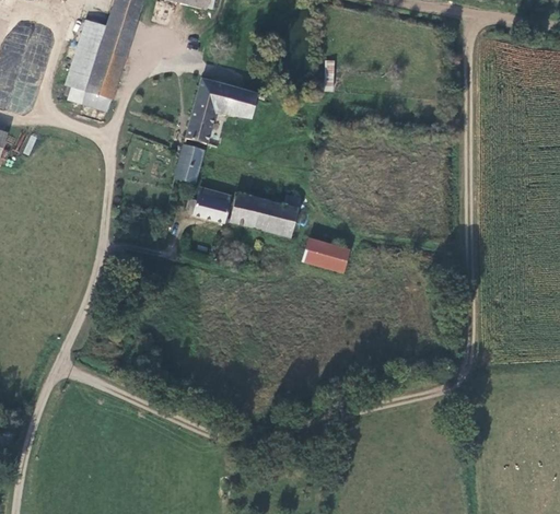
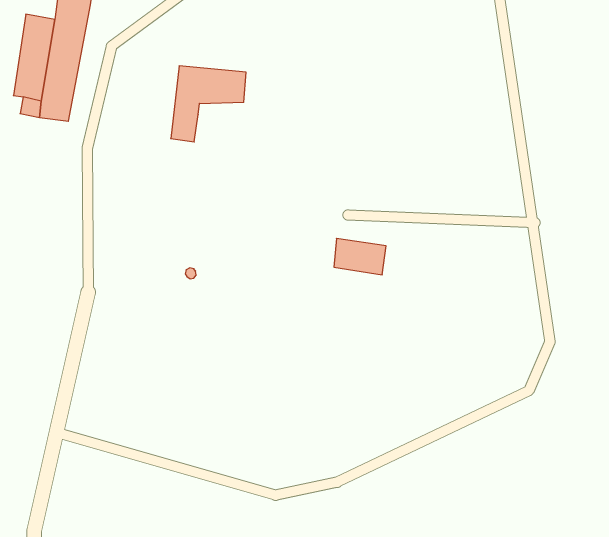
building: [175,145,203,183] -> none
building: [194,187,231,221] -> none
building: [231,191,302,236] -> none

